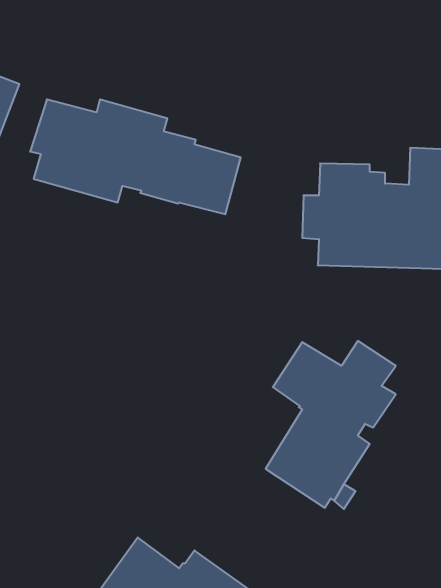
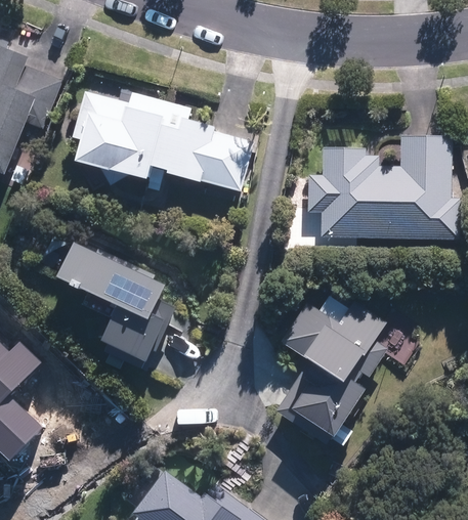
building: none -> [57,243,175,372]

